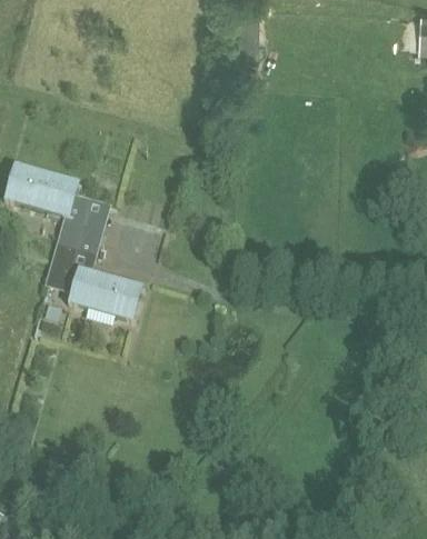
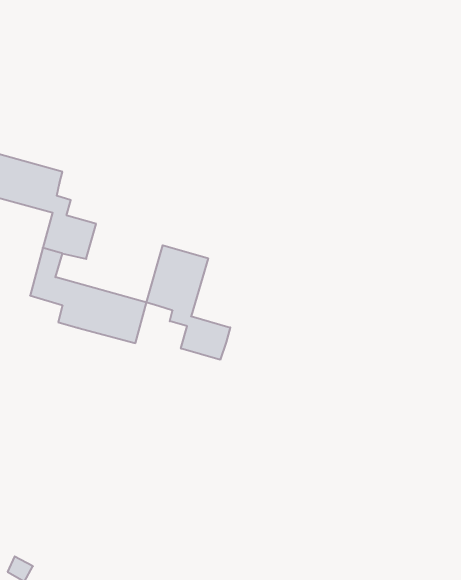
building: none -> [146,245,230,360]

